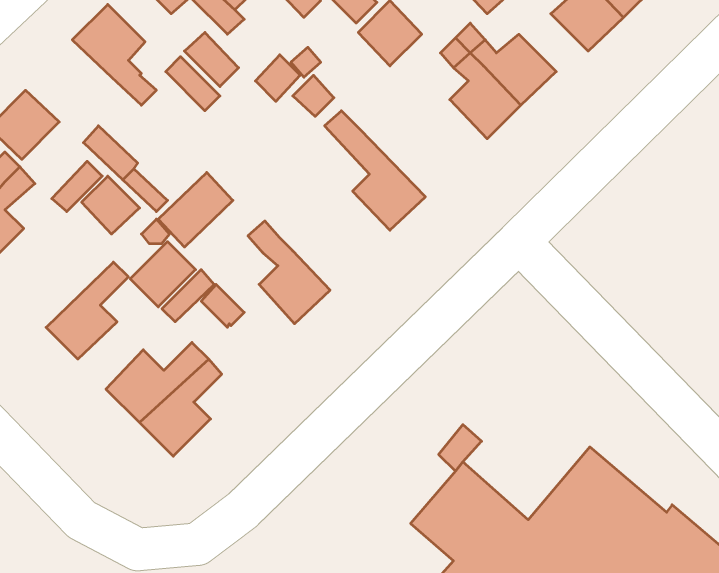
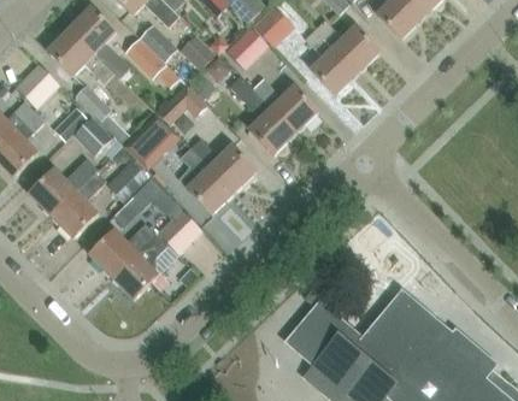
building: none -> [225,26,269,70]
building: none -> [47,30,112,81]
building: none -> [253,79,317,131]
building: none -> [160,85,207,124]
building: none -> [192,138,255,191]
building: none -> [30,163,94,216]
building: none -> [157,208,201,253]

